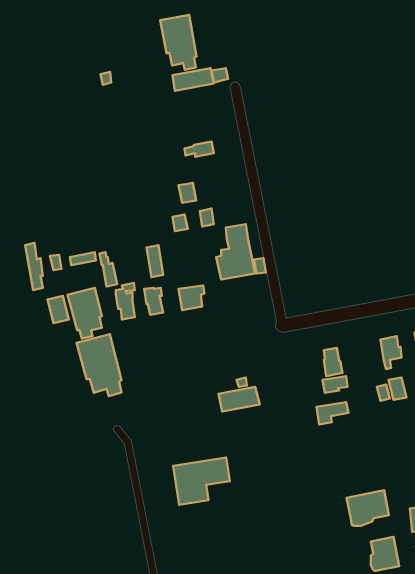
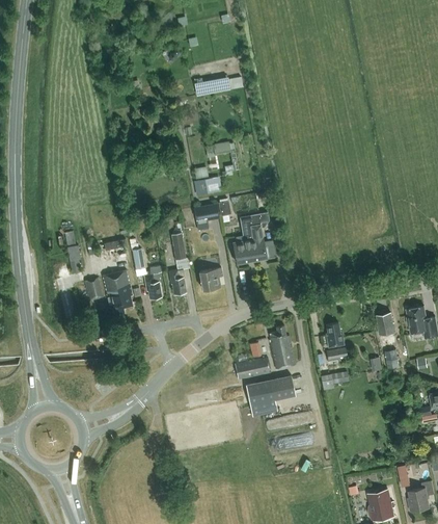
building: [160,15,196,70] -> none
building: [77,334,122,396] -> none
building: none -> [269,326,294,369]
building: [173,458,230,505] -> [250,374,300,416]
building: [346,490,389,526] -> none

